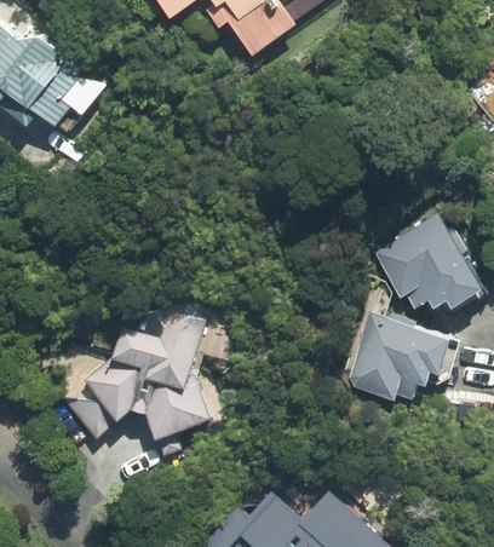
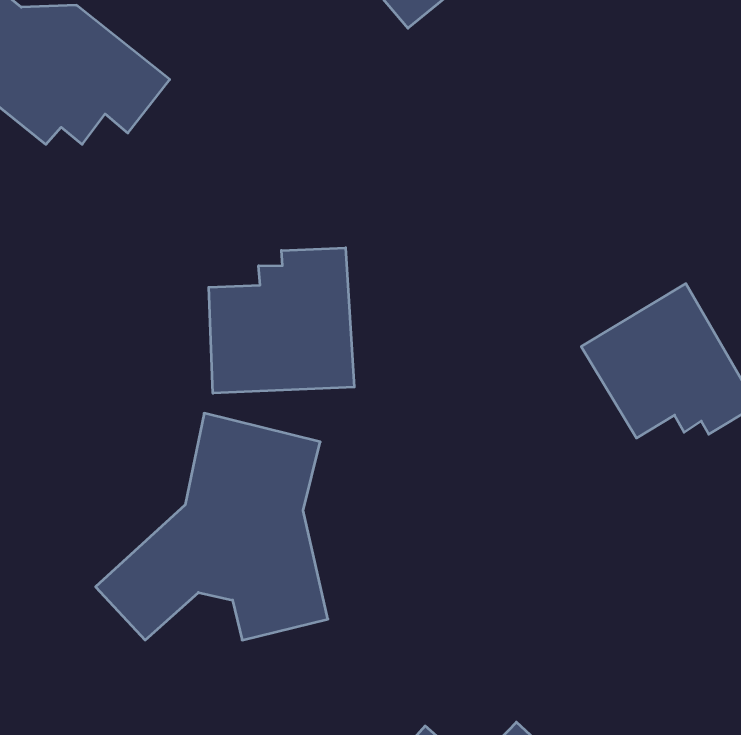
building: none -> [209,248,354,393]
building: [347,316,454,404] -> none

